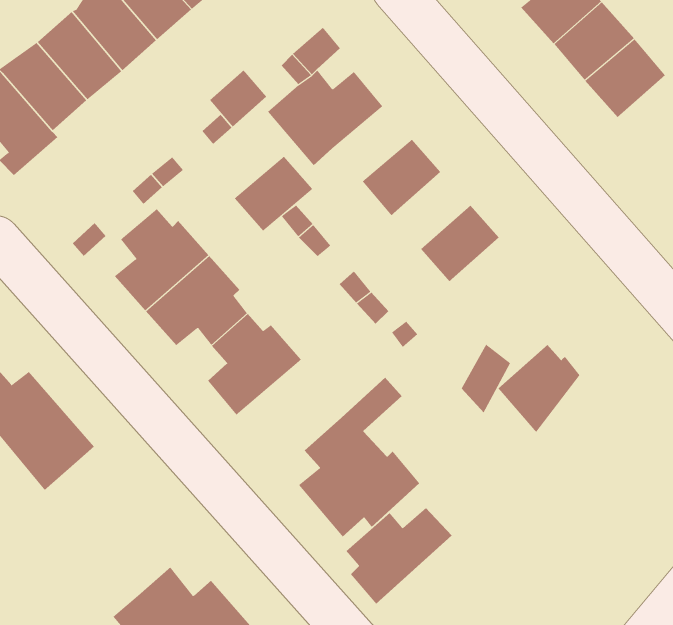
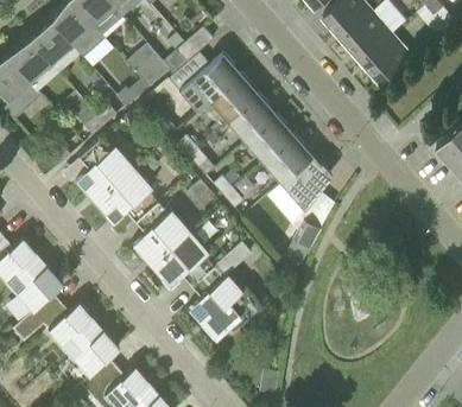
building: [234,156,313,231] -> [208,75,257,121]
building: none -> [243,115,292,163]
building: [497,344,581,433] -> [279,155,330,210]
building: none -> [148,230,213,286]
building: none -> [11,293,118,375]
building: [345,507,453,605] -> none

